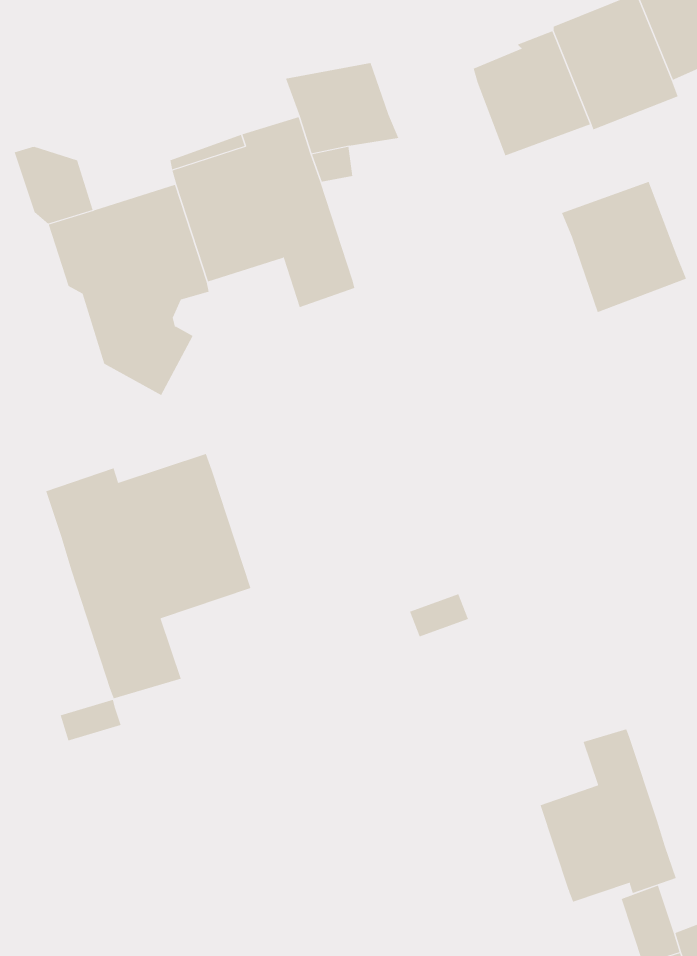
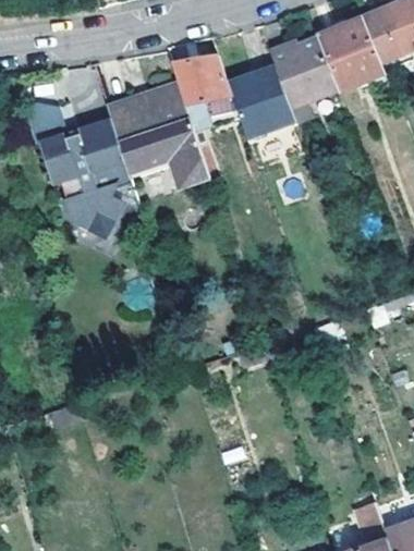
building: [561,181,687,313] -> [227,65,295,137]
building: [45,453,251,699] -> none
building: [540,728,677,902] -> none

